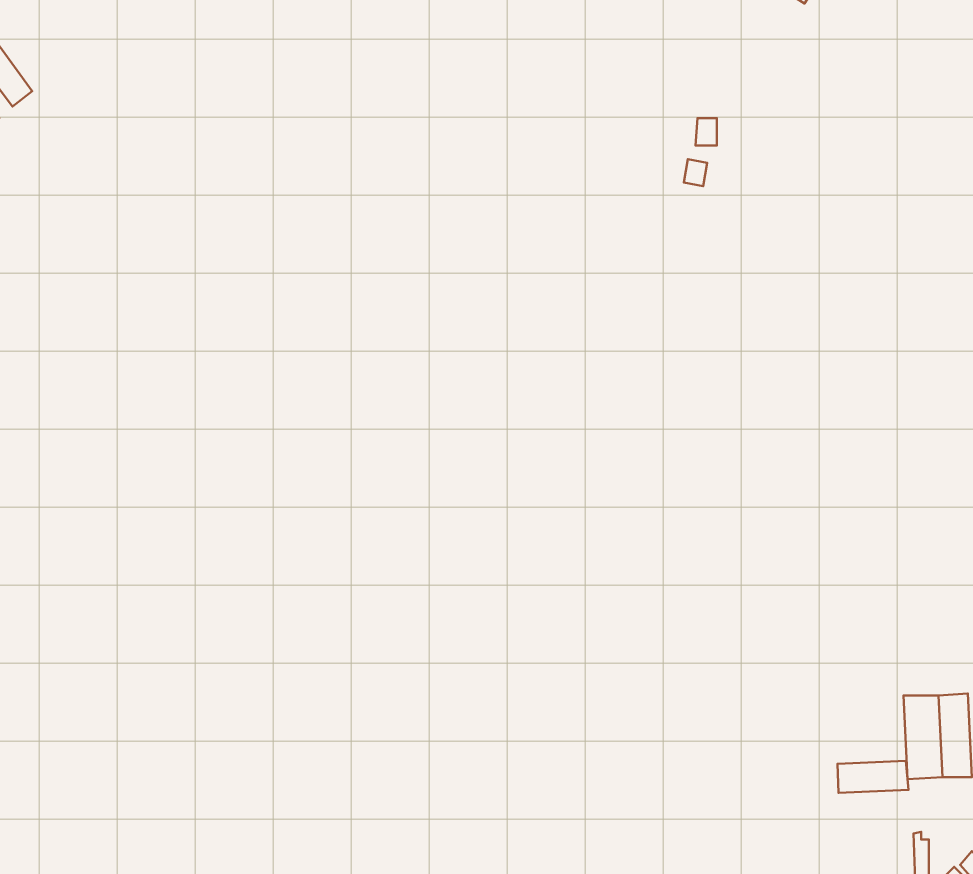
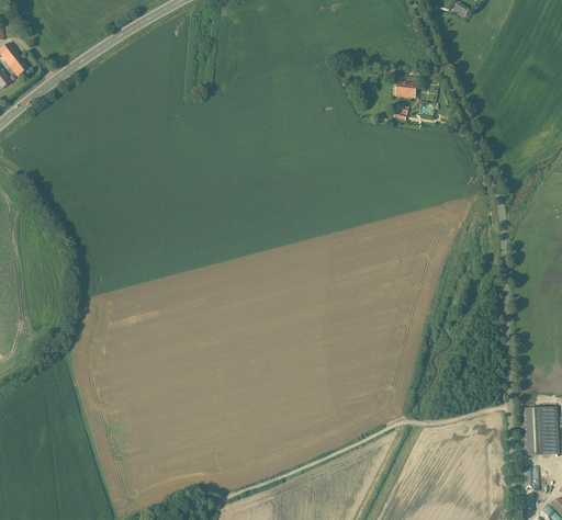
building: [838,761,908,793] -> none

